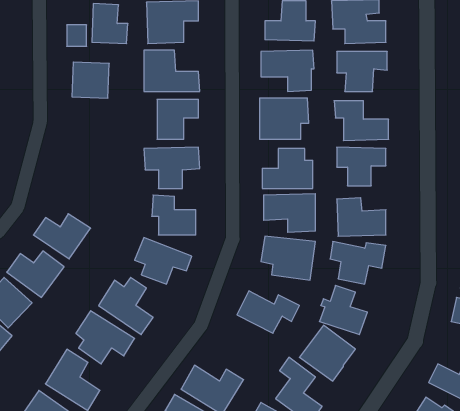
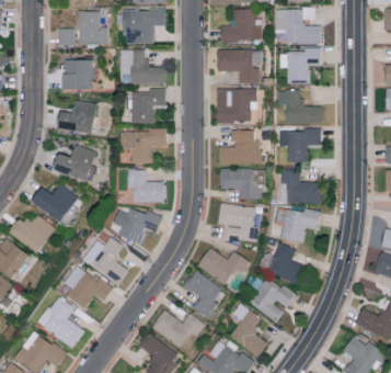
building: none -> [57,100,96,134]
building: none -> [51,144,96,183]
building: none -> [185,270,222,318]

